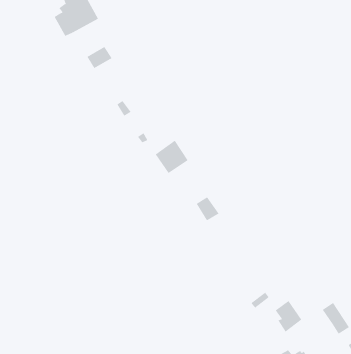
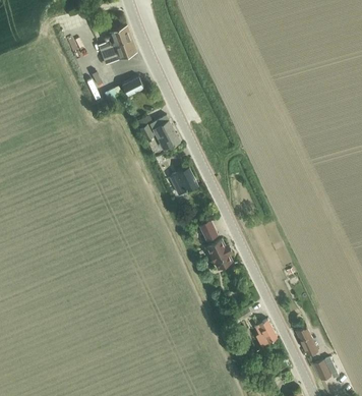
building: none -> [152,117,180,152]
building: none -> [207,239,233,269]

